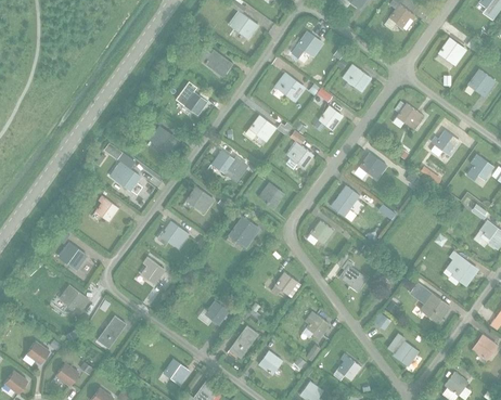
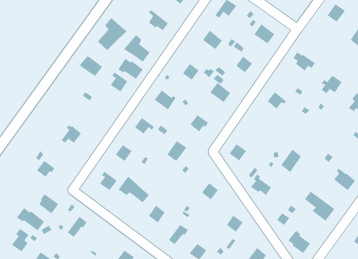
building: none -> [97,17,128,51]
building: none -> [117,58,143,80]
building: [110,163,141,191] -> [79,55,103,77]
building: [331,185,359,217] -> [280,149,302,173]
building: none -> [118,176,150,203]
building: none -> [16,207,45,231]

